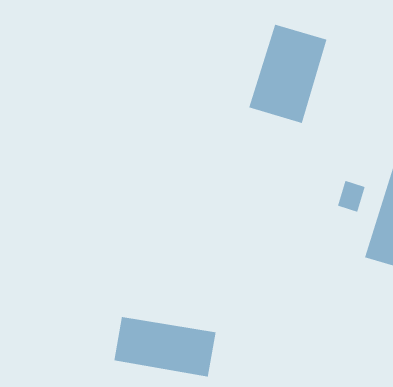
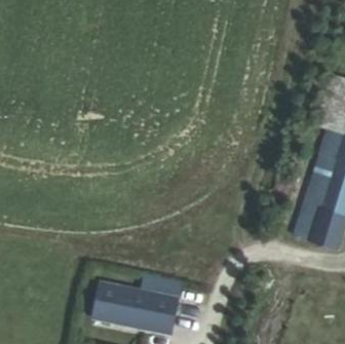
building: [248,24,327,124] -> none

